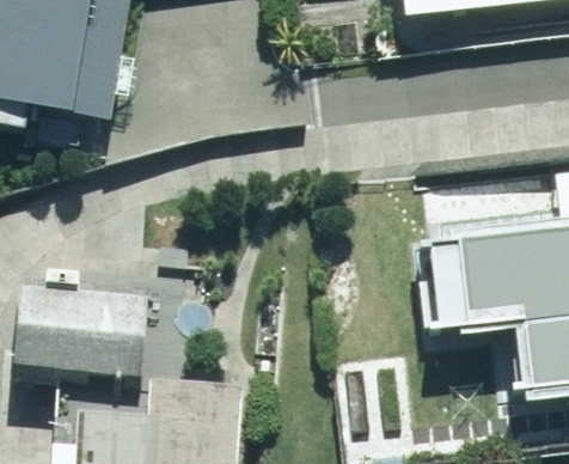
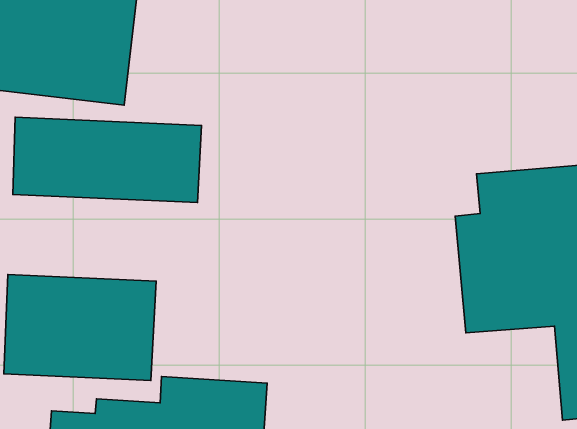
building: none -> [13,117,202,203]

